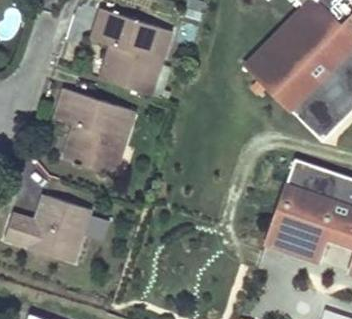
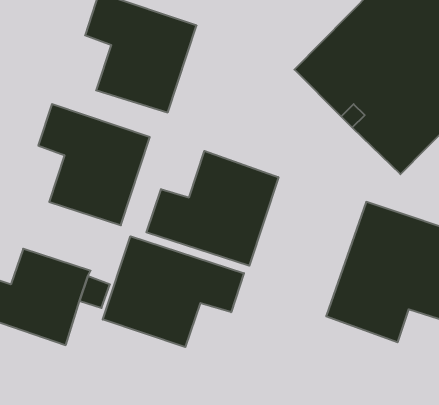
building: none -> [146,151,278,266]
building: none -> [103,236,244,347]

